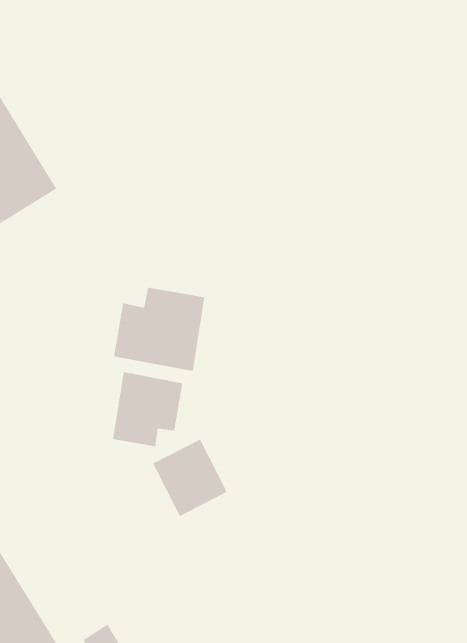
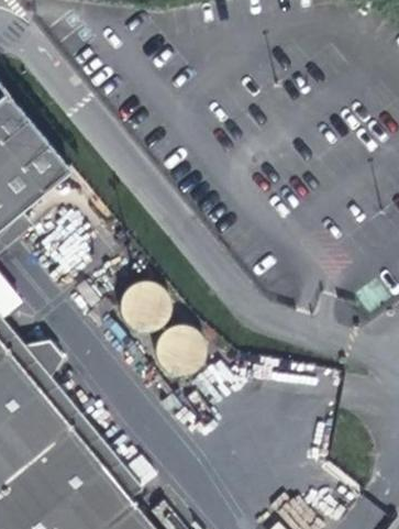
building: [113,287,205,372] -> none

